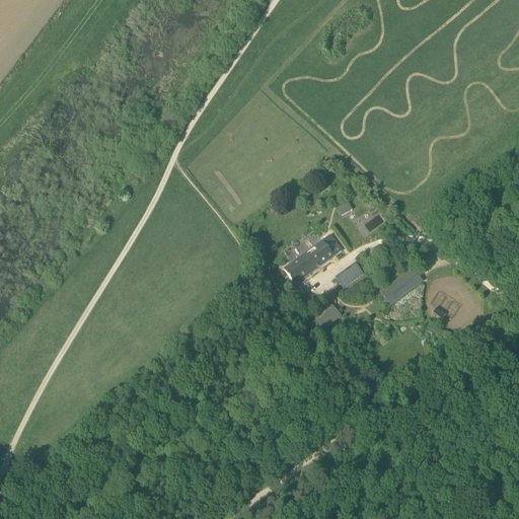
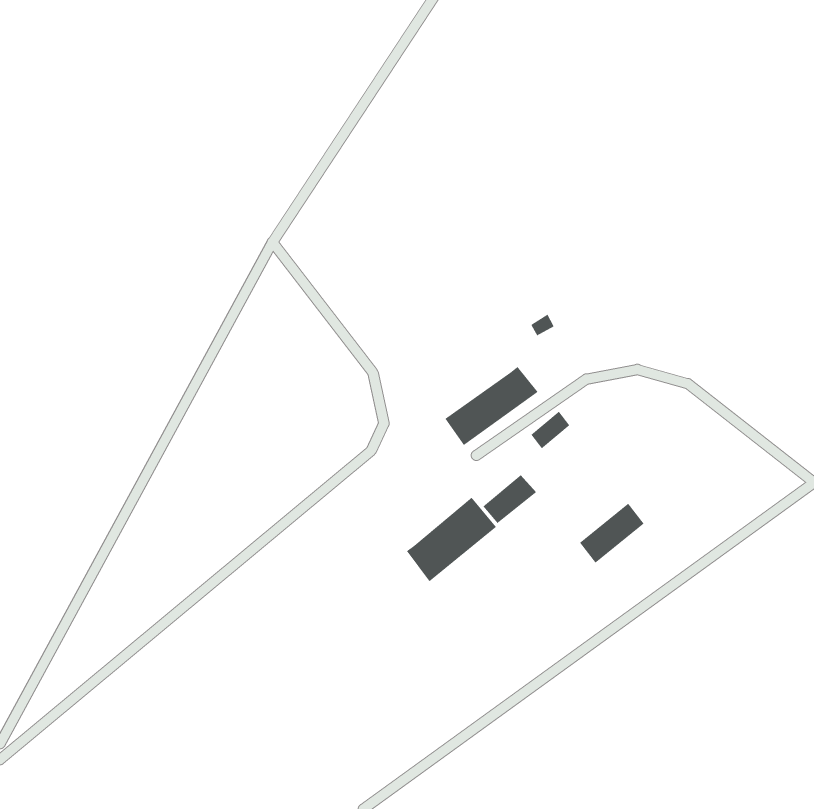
building: [381,266,423,304] -> [579,503,645,563]
building: none -> [406,497,497,582]

